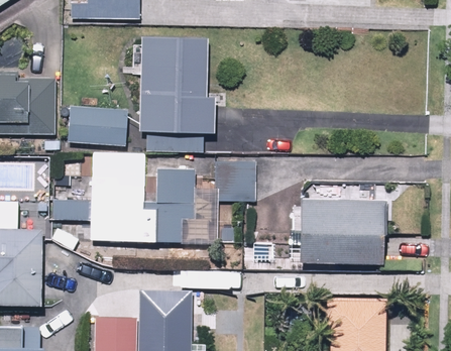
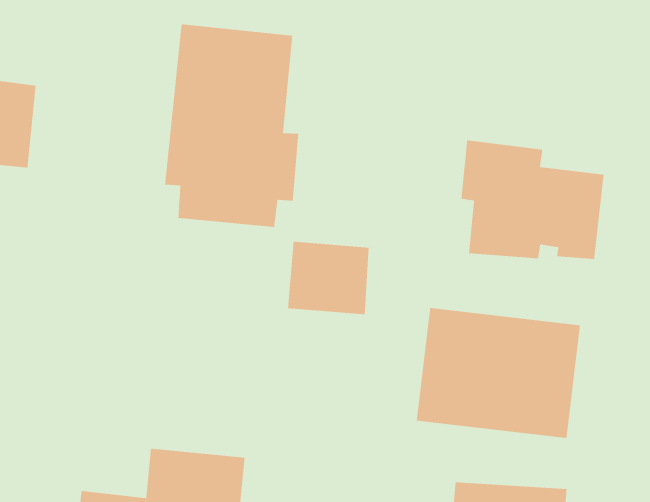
building: none -> [460,139,605,260]
building: [66,106,129,145] -> none
building: [53,165,197,246] -> none

